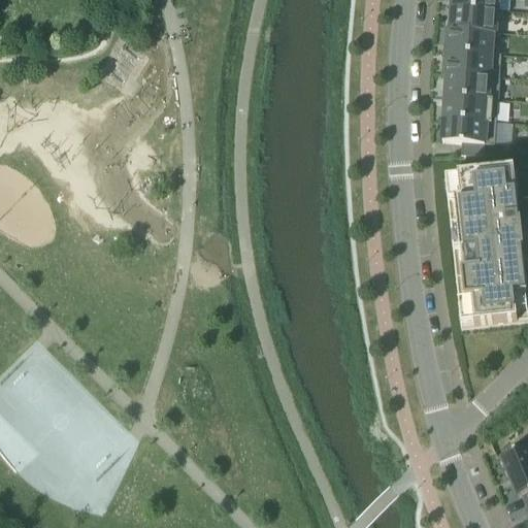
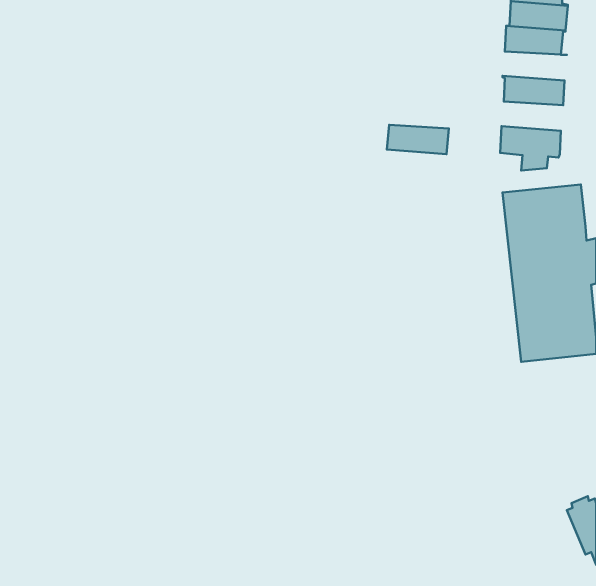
building: [443,45,500,71] -> none
building: [442,90,497,116] -> [387,125,449,154]

